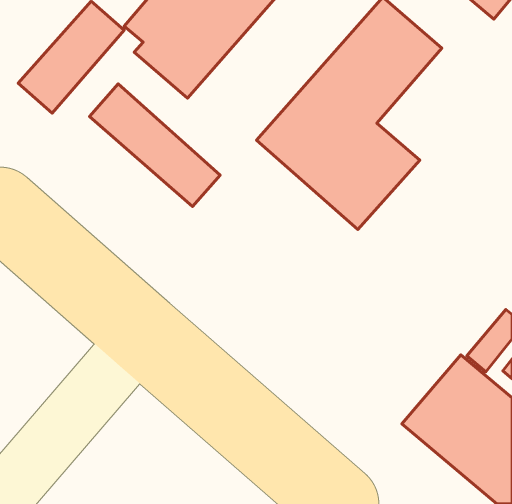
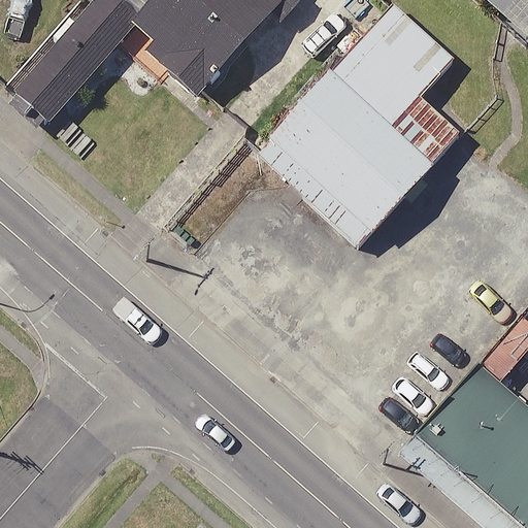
building: [90,84,220,206] -> none

